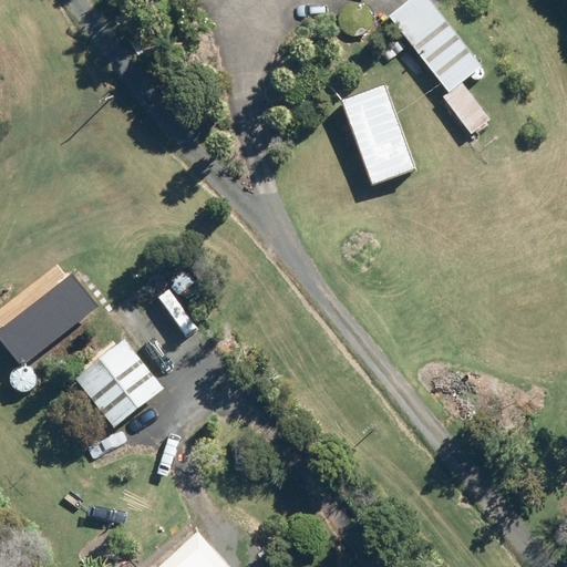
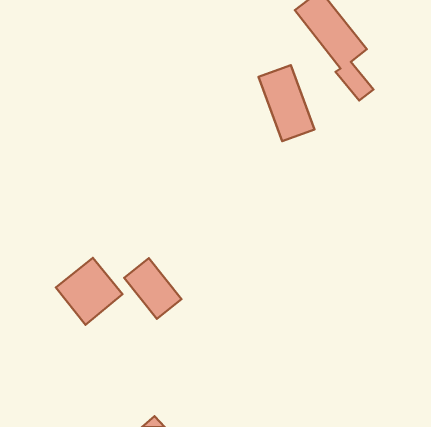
building: [10,280,87,357] -> none
building: none -> [124,258,182,319]

